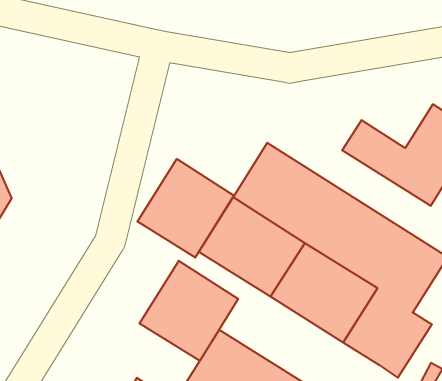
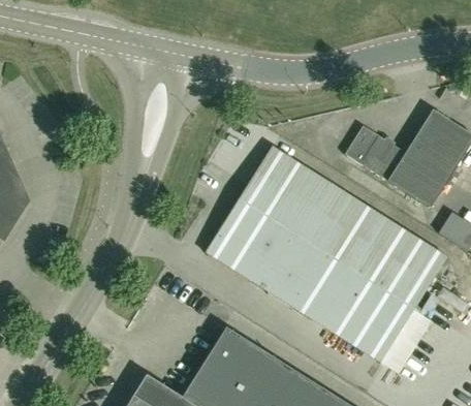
building: [137,159,234,258] -> none
building: [139,261,238,361] -> none

